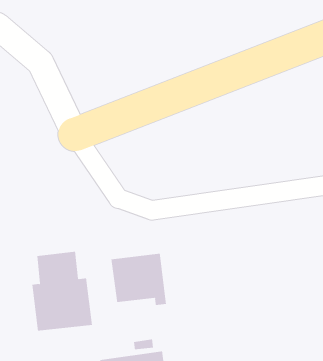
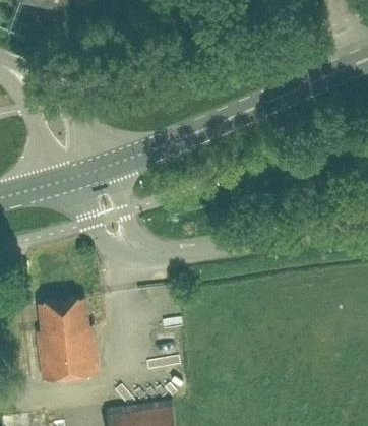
building: [111,253,166,306] -> none

